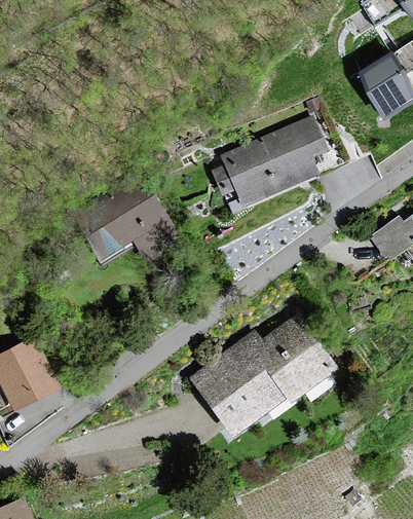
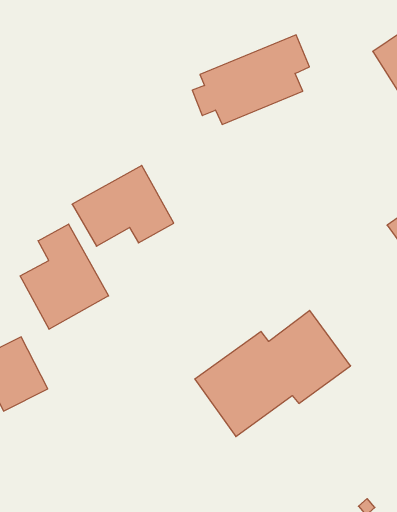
building: [213,120,322,203] -> [192,35,309,124]
building: none -> [20,224,109,329]

